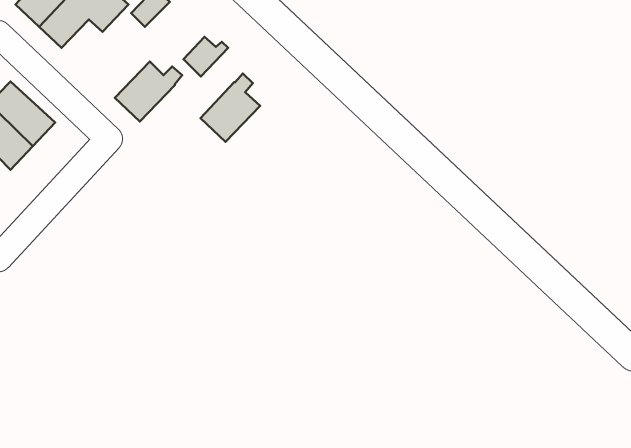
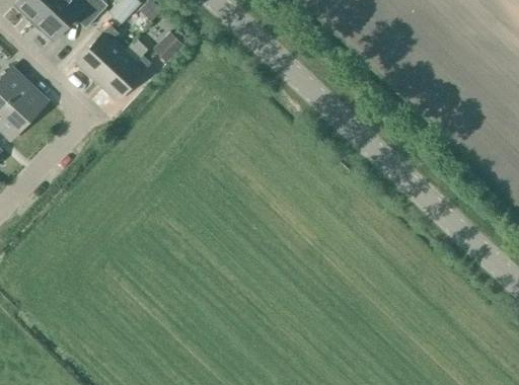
building: [200,73,260,142] -> [76,24,125,80]

